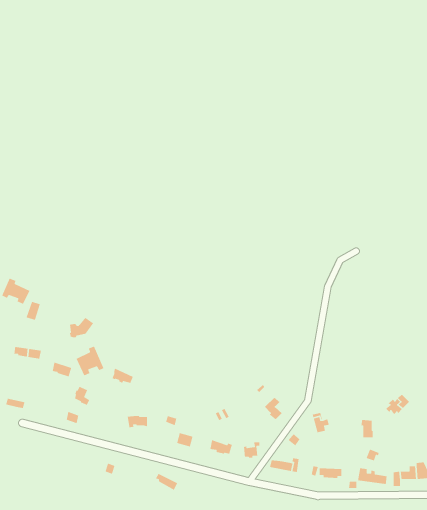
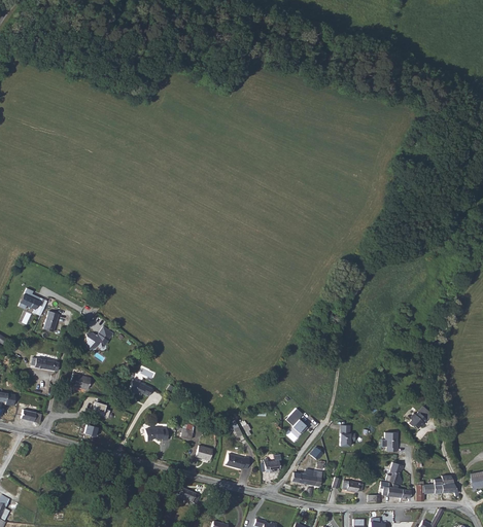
building: [75,345,104,376] -> none

